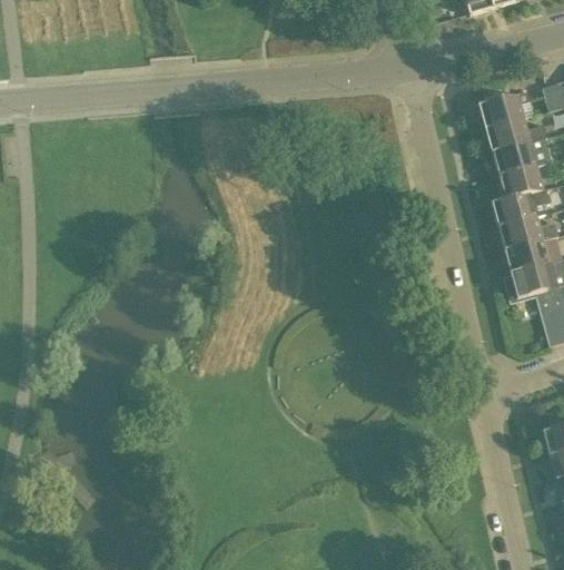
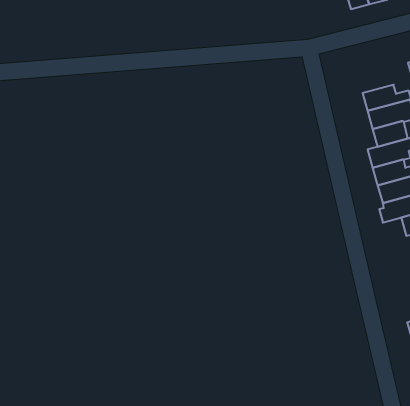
building: [475,88,530,126] -> none

